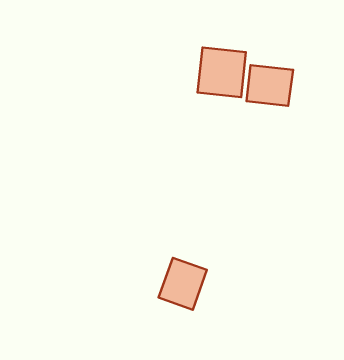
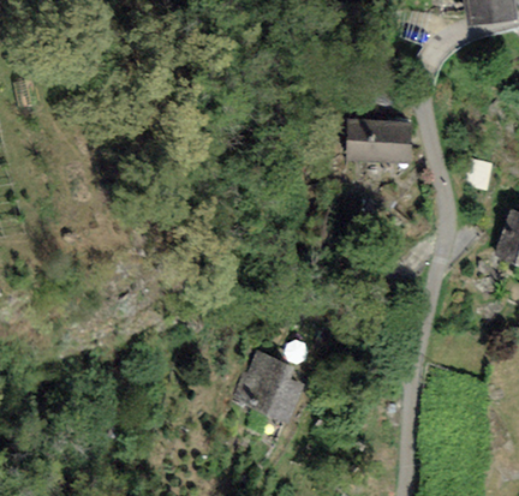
building: [198,47,246,97] -> none

